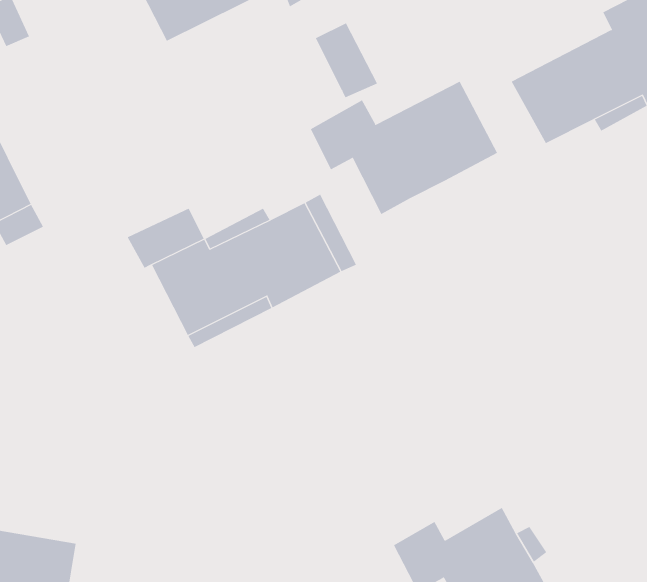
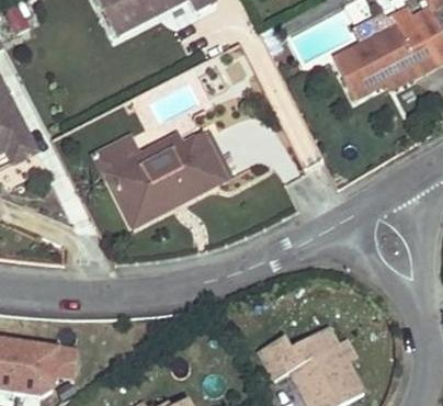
building: [315,23,378,98] -> none
building: [310,81,498,215] -> none

